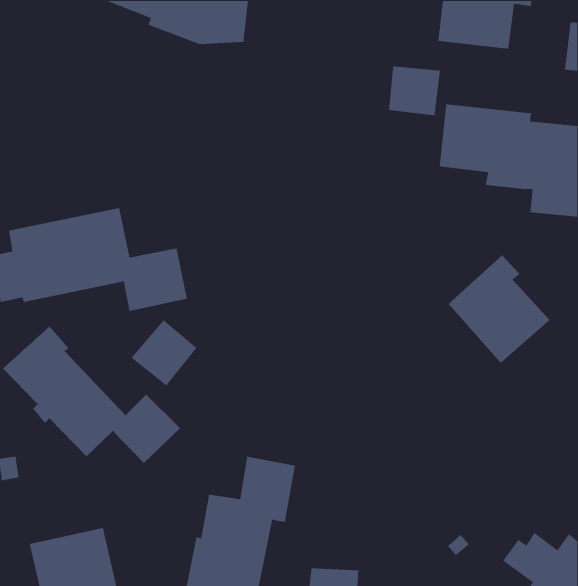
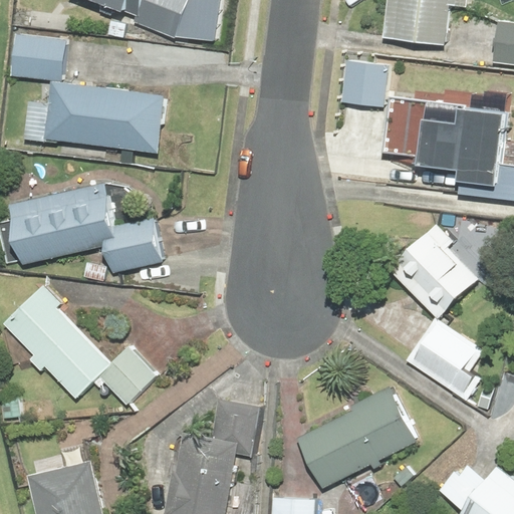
building: none -> [9,30,63,77]
building: none -> [42,81,168,154]
building: [131,319,198,387] -> none
building: none -> [405,318,482,402]
building: none -> [297,387,418,488]

